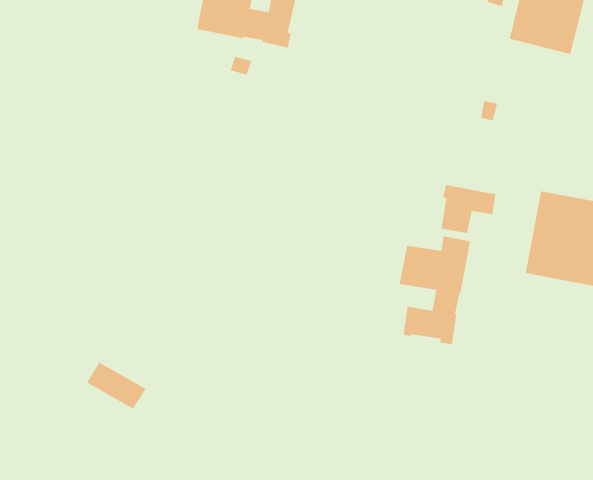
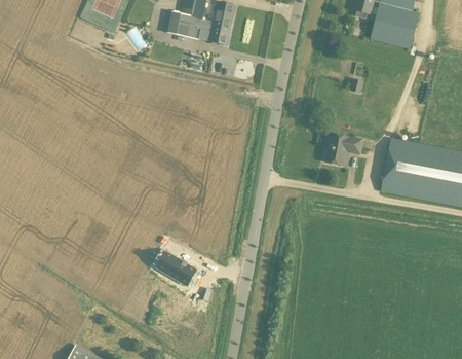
building: [399,236,470,345] -> none
building: [86,362,146,409] -> [156,252,195,283]

